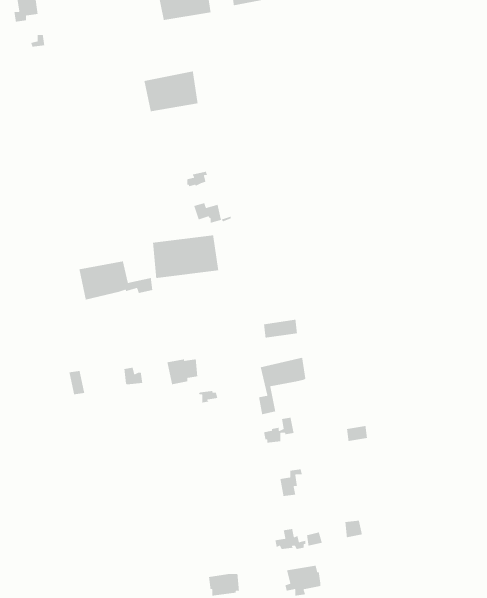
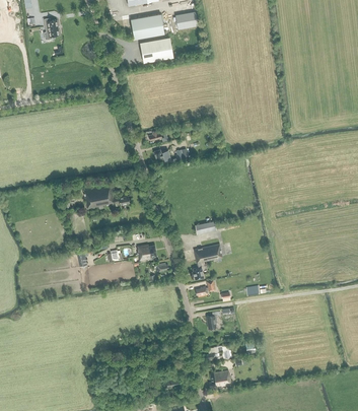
building: [144,70,198,112] -> [139,37,172,62]
building: [152,235,219,279] -> none

